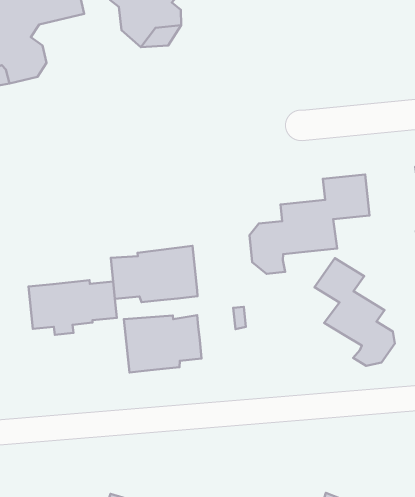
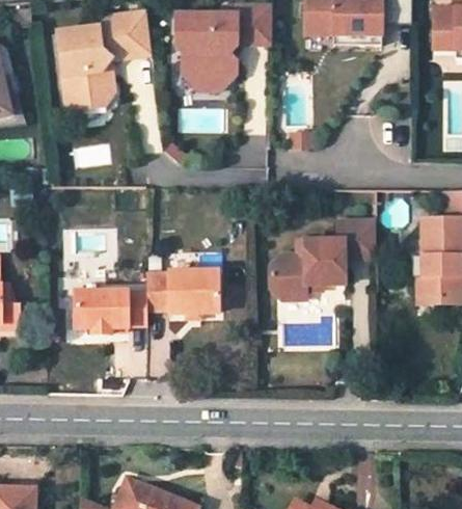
building: [314,258,395,366] -> none
building: [124,315,202,372] -> none

